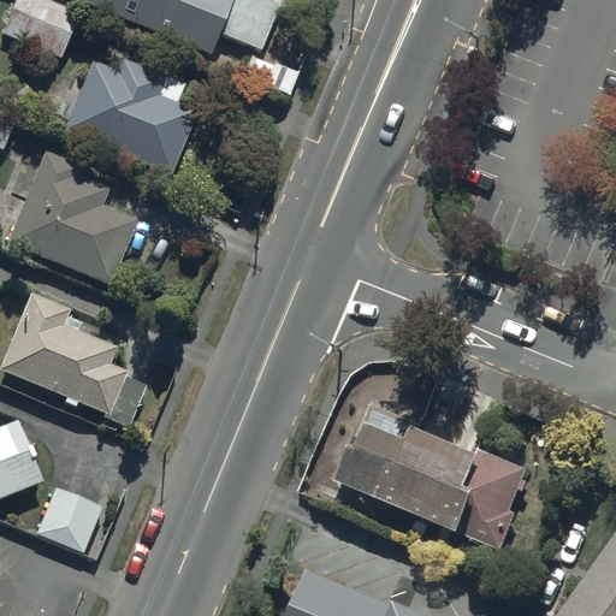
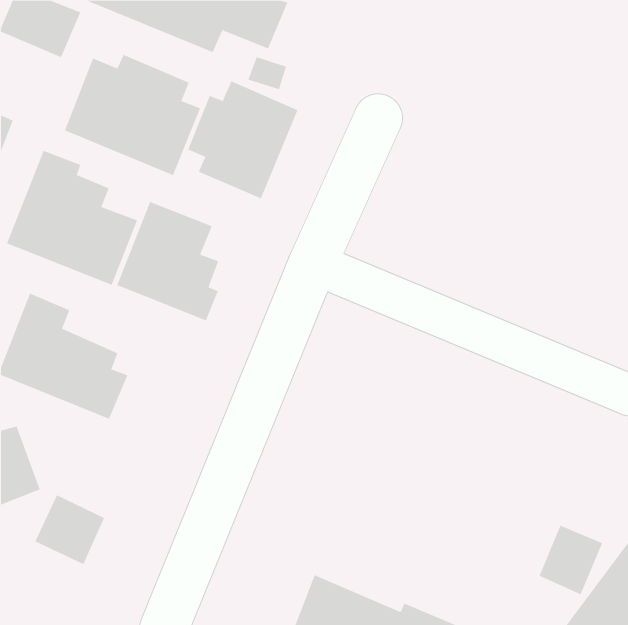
building: none -> [187,80,298,199]
building: none -> [117,201,219,321]
building: [336,401,531,550] -> none
building: none -> [539,525,603,595]

